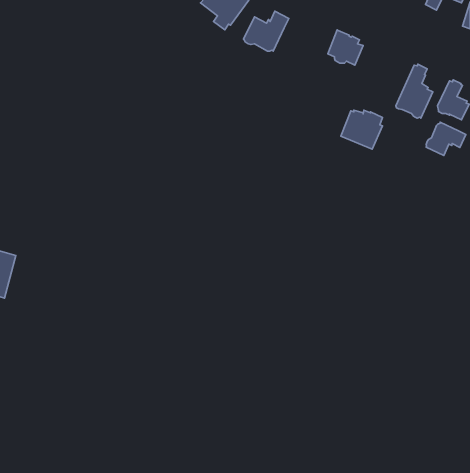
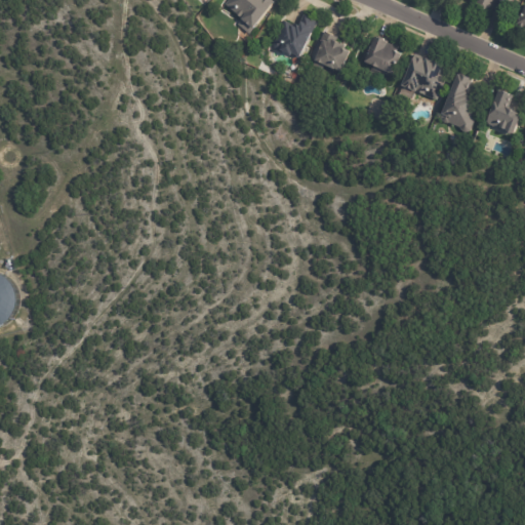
building: none -> [310,30,353,71]
building: [341,110,383,149] -> [399,55,445,98]
building: [426,122,466,156] -> none

